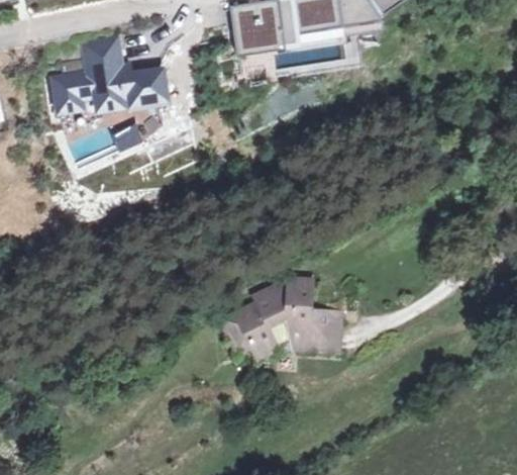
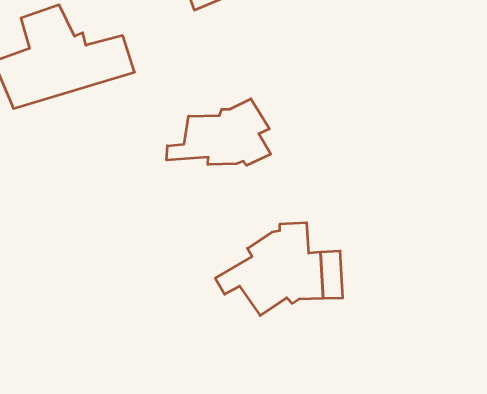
building: none -> [167,99,271,165]

